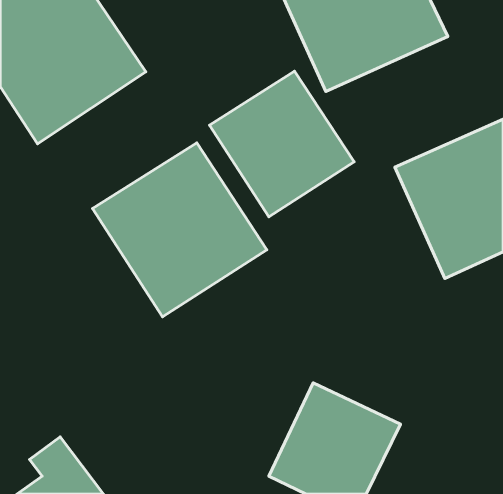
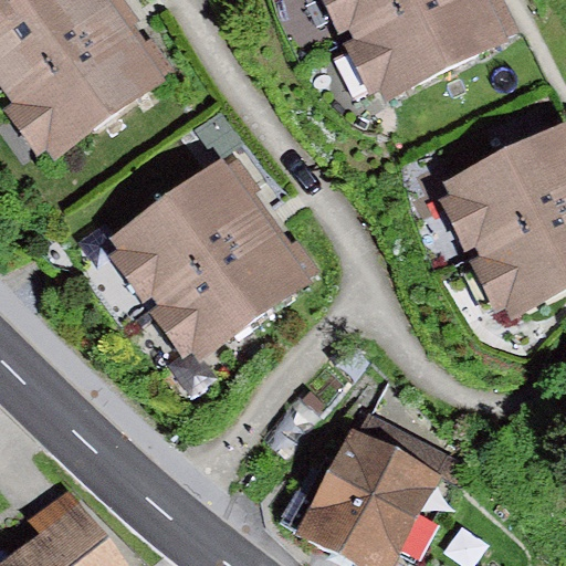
building: [210,71,354,217] -> none

